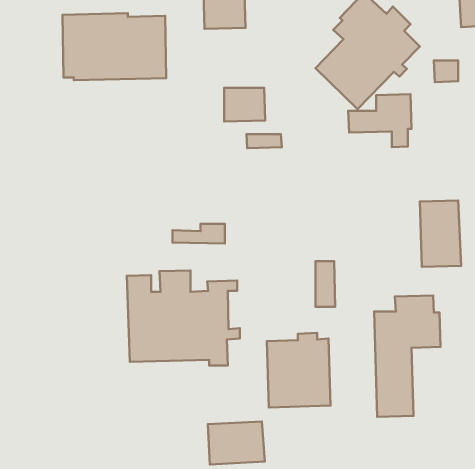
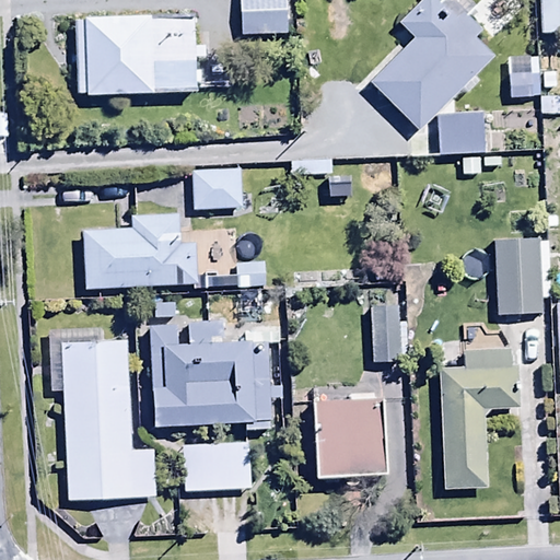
building: [224,88,265,121] -> [194,167,242,207]
building: none -> [85,212,197,289]
building: none -> [50,324,154,500]
building: [208,422,265,464] -> [184,440,250,490]

